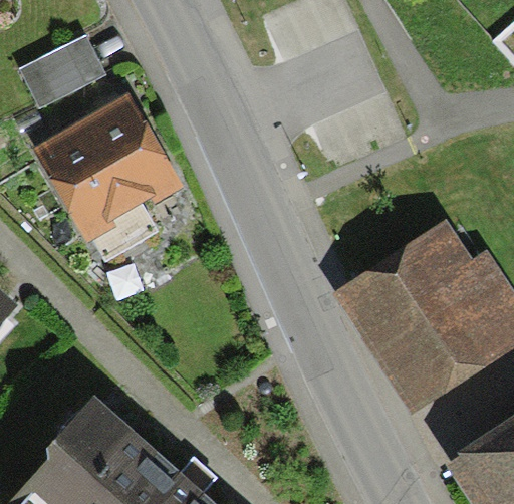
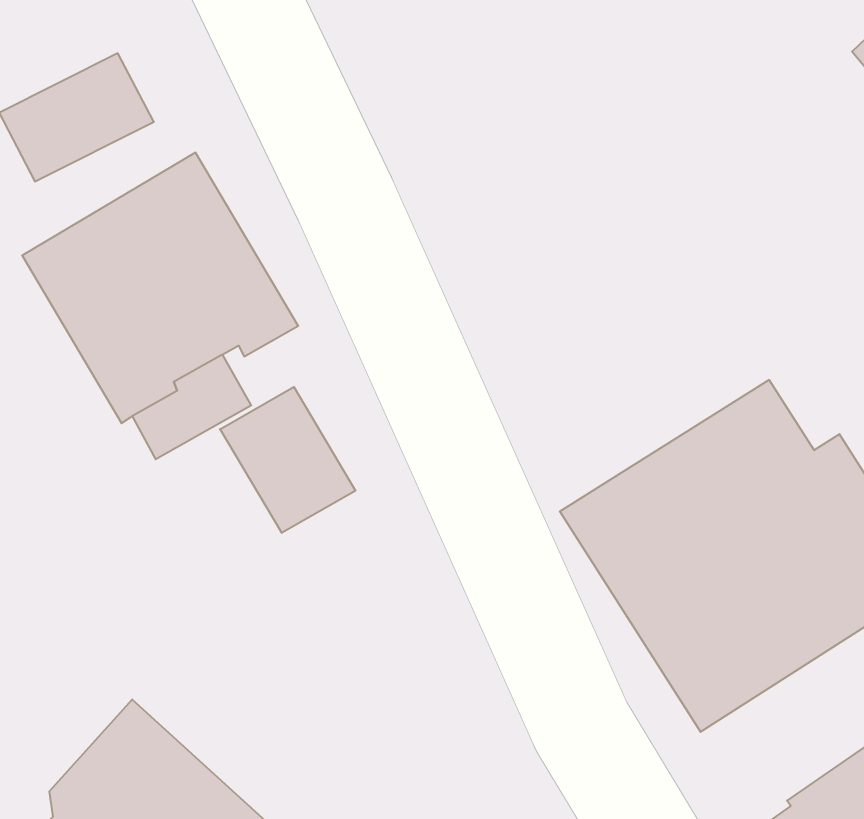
building: none -> [220,387,355,533]

